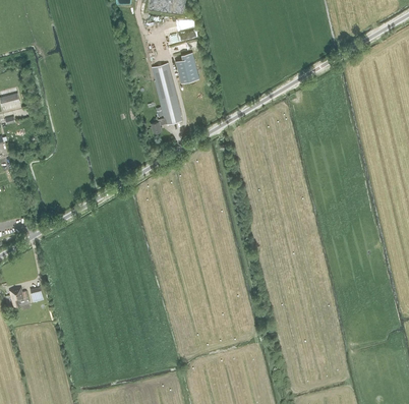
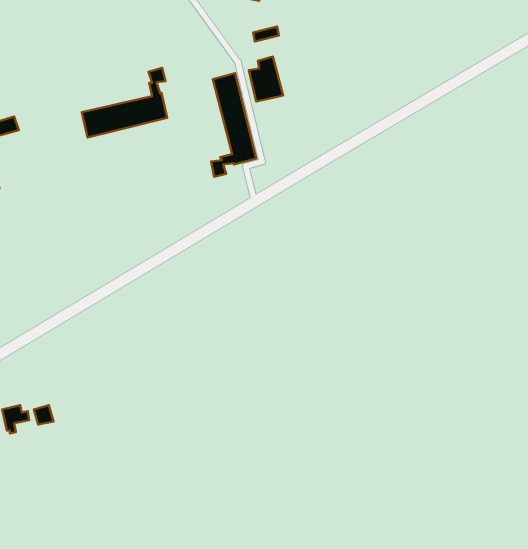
building: none -> [82,68,167,137]

